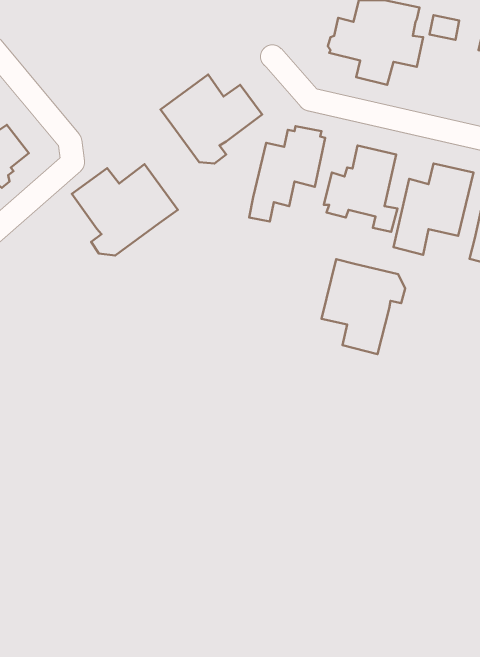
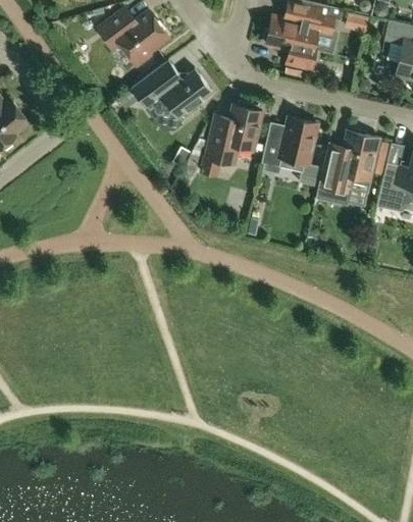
building: none -> [98,7,168,64]
building: [72,164,178,255] -> none
building: [322,259,405,354] -> none

